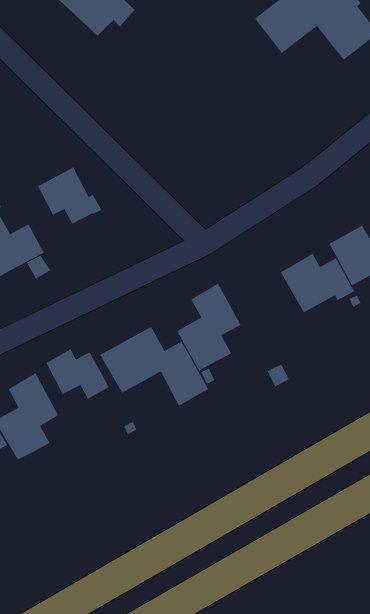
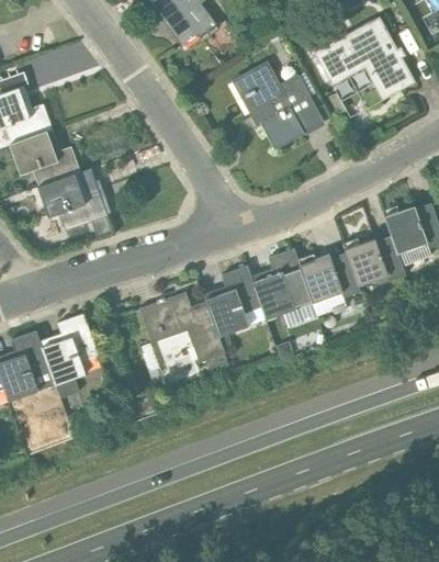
building: none -> [236,63,322,148]
building: [37,166,102,225] -> none
building: none -> [252,248,307,318]
building: [46,349,110,400] -> none

